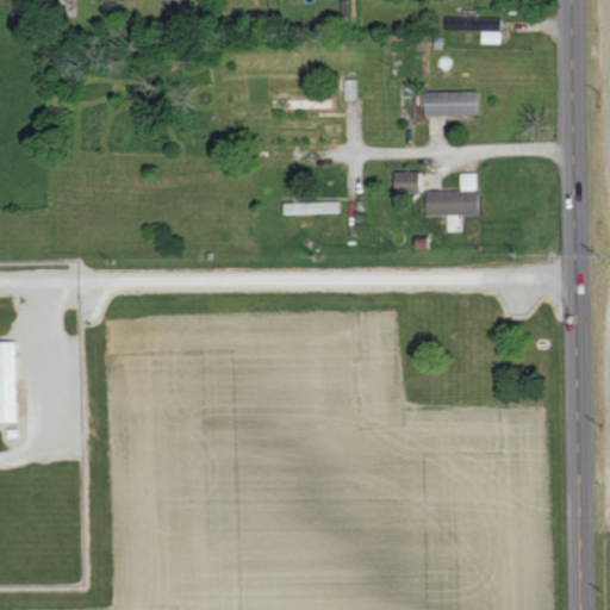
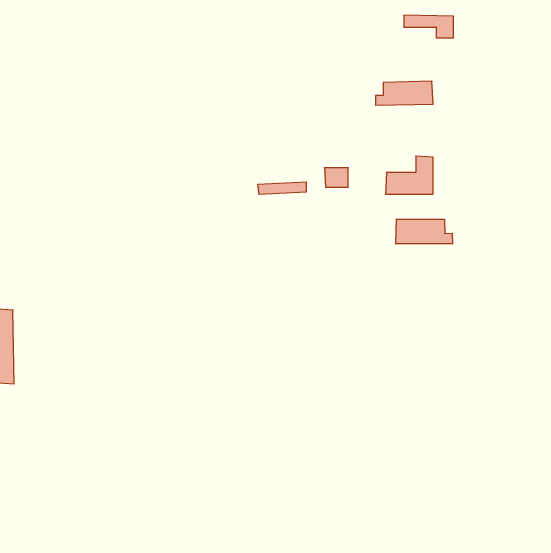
building: [392,172,418,193] -> [324,168,348,187]
building: none -> [396,219,452,244]

